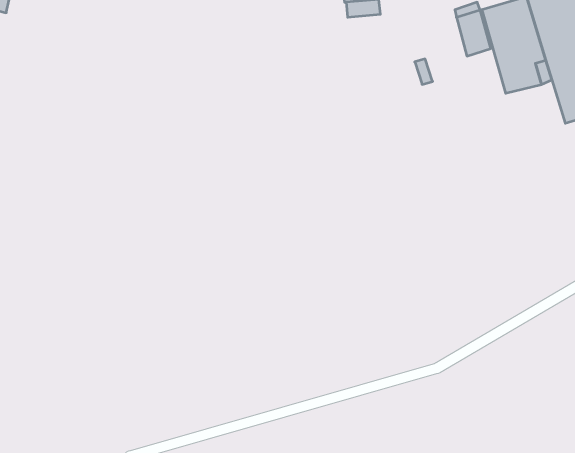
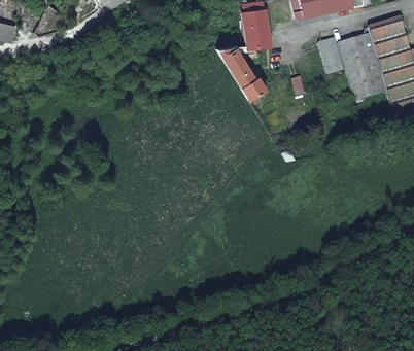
building: none -> [218,47,265,100]

